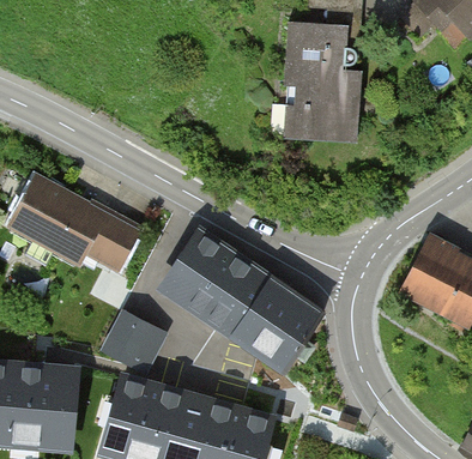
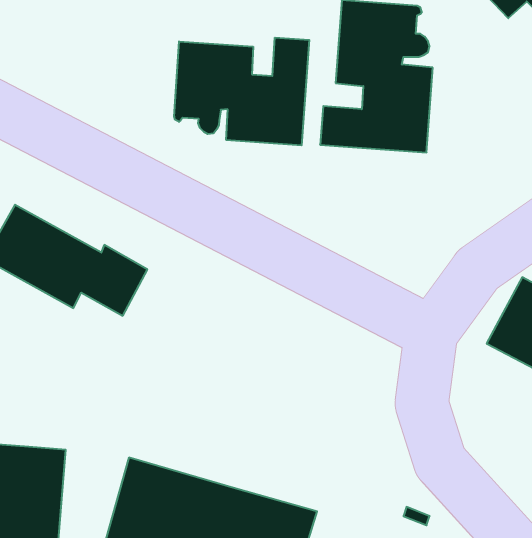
building: none -> [174,38,309,145]
building: [164,231,323,370] -> none
building: [104,313,157,367] -> none

